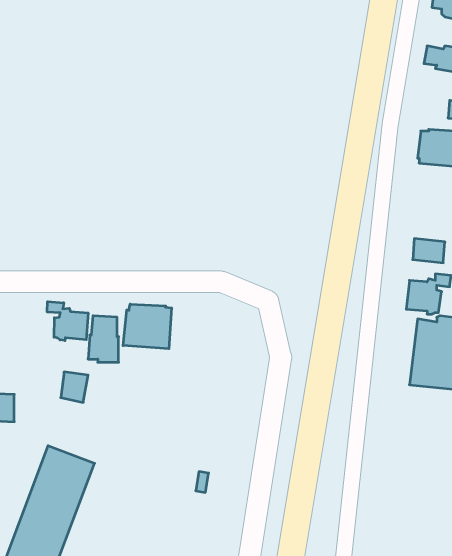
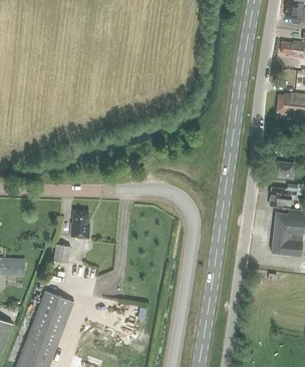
building: [47,302,88,341] -> none
building: [123,304,172,349] -> none

